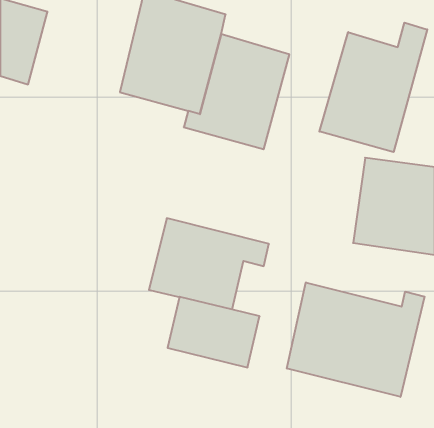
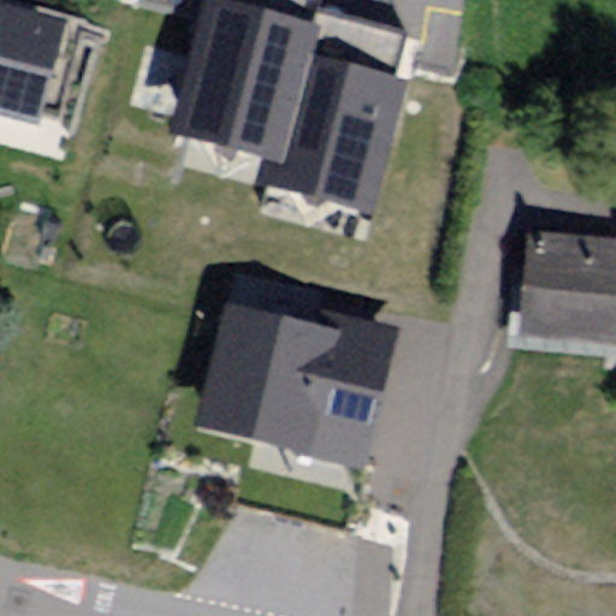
building: [319,23,427,152] -> none
building: [287,282,425,397] -> none

